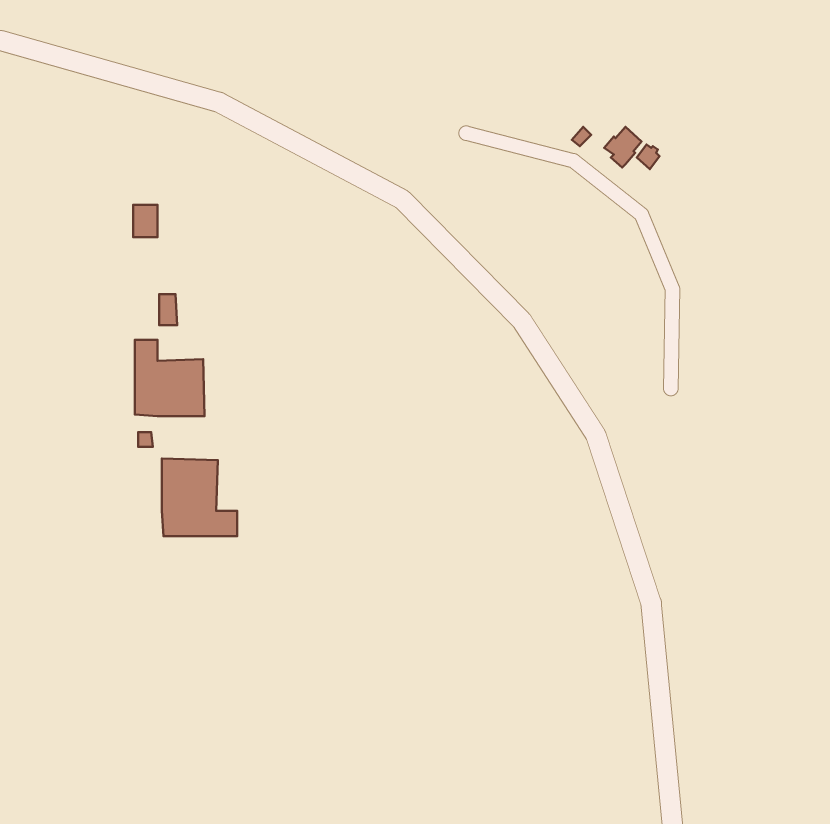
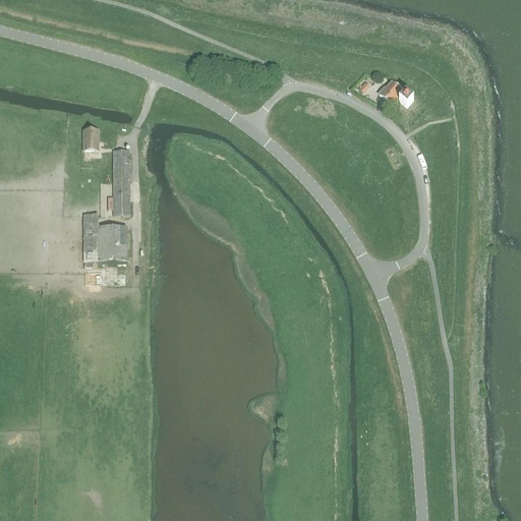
building: none -> [113,149,130,214]
building: [162,458,237,536] -> none

